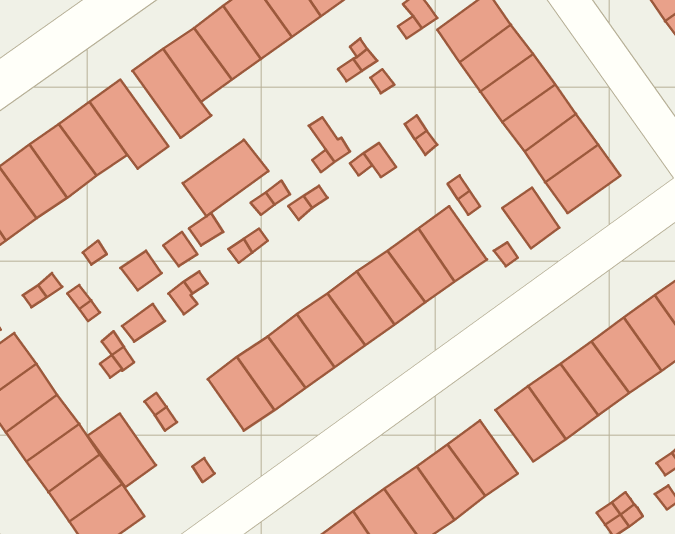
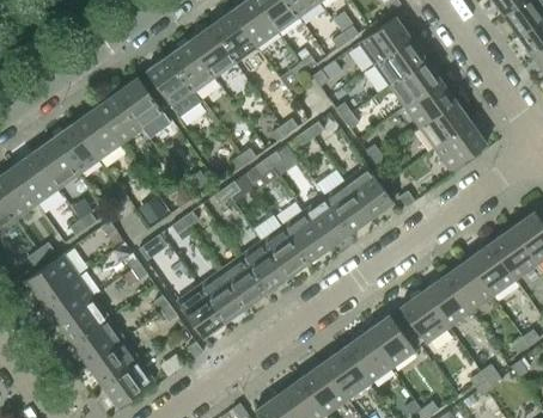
building: [183,140,268,216] -> none
building: [502,188,559,248] -> none
building: [87,414,156,487] -> [176,287,224,338]

